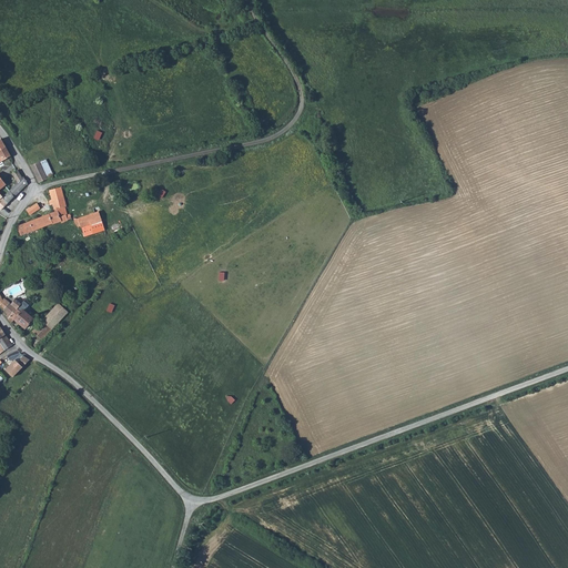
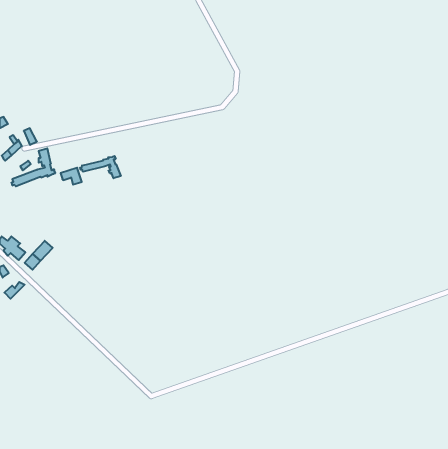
building: none -> [80,156,121,178]

